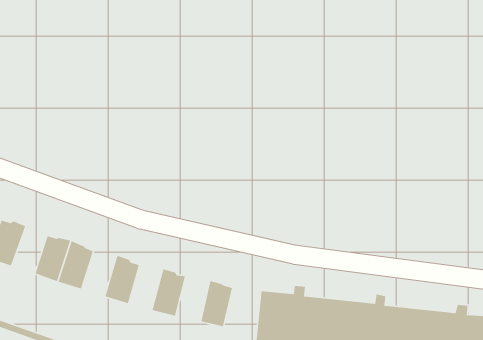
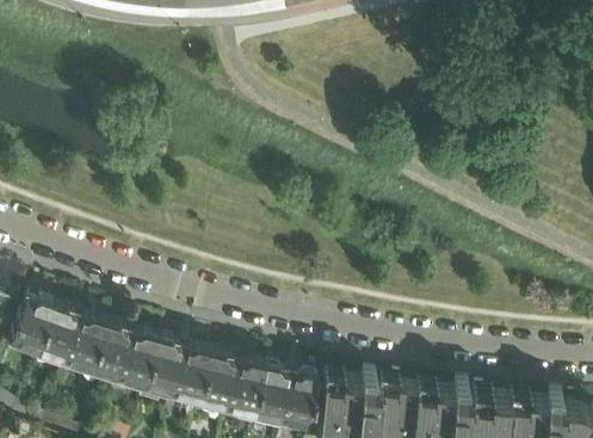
building: none -> [37,301,78,356]
building: none -> [117,329,157,382]
building: none -> [171,345,210,397]
building: none -> [224,358,264,411]
building: none -> [279,371,317,424]

